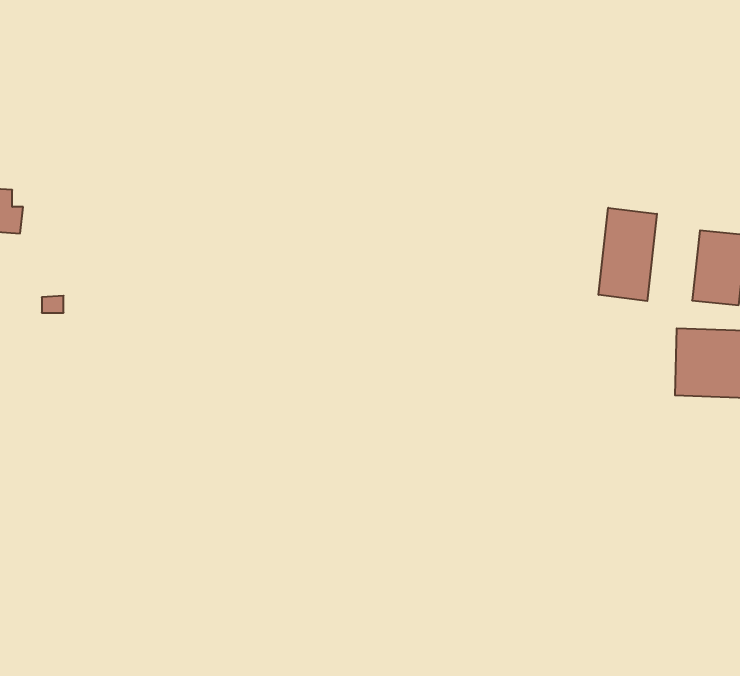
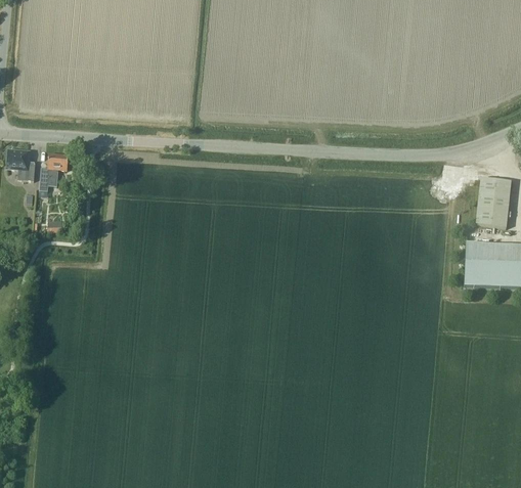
building: none -> [40,152,69,190]
building: [599,208,657,301] -> none

